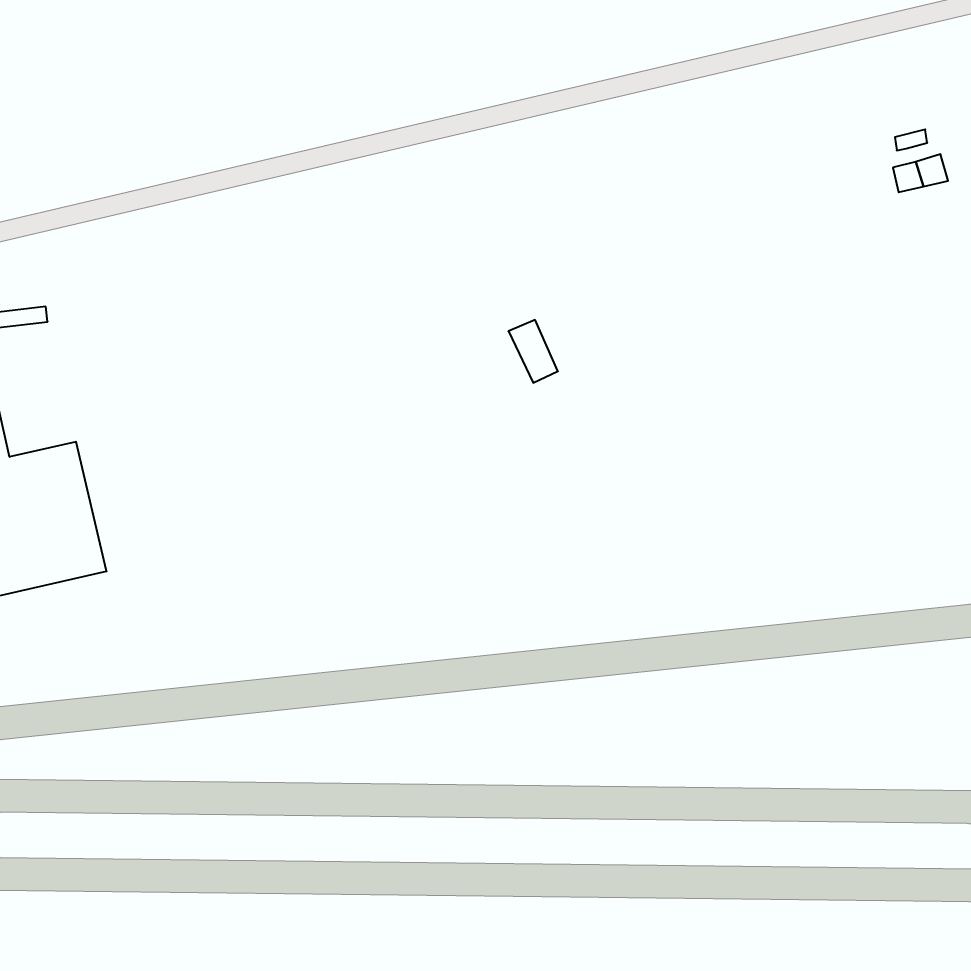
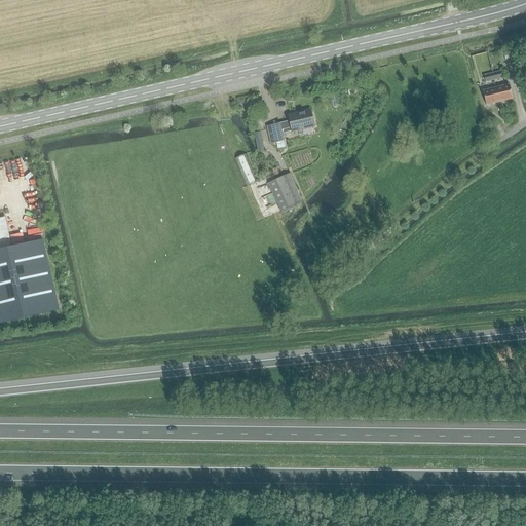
building: none -> [266,109,313,143]

